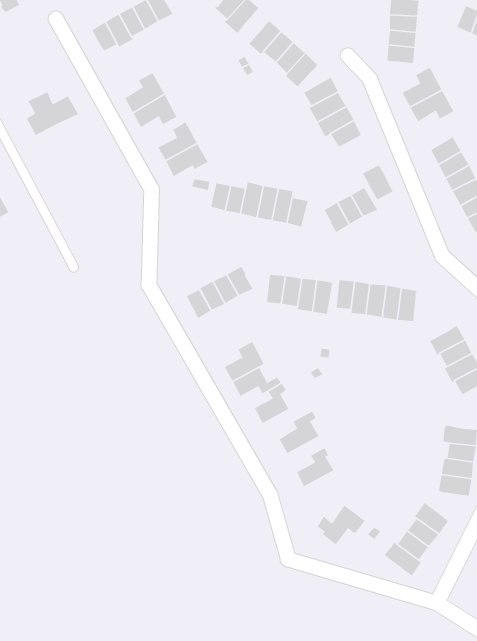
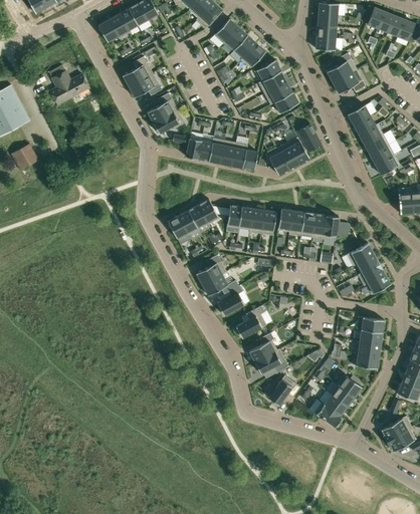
building: none -> [254,349,288,374]

